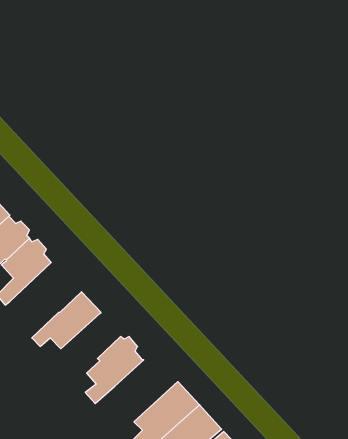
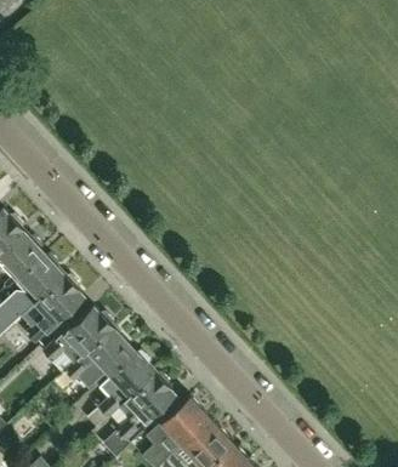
building: none -> [22,275,84,343]
building: none -> [64,329,132,392]
building: none -> [116,374,175,442]

